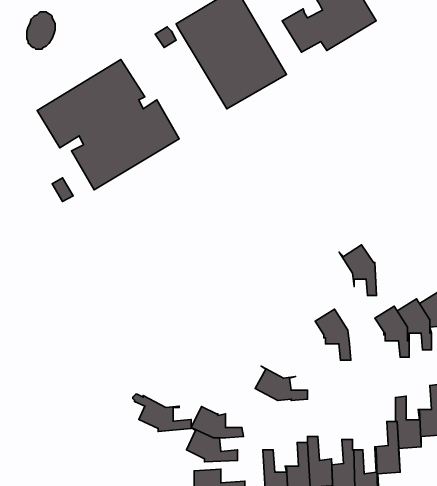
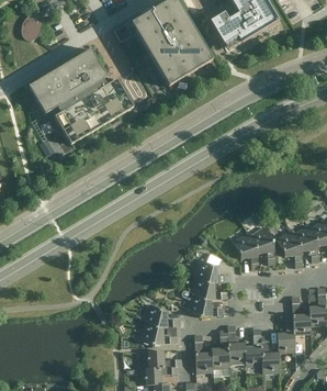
building: [339,245,376,296] -> [247,226,274,264]
building: none -> [193,258,230,282]
building: [133,394,191,431] -> [181,289,224,316]

